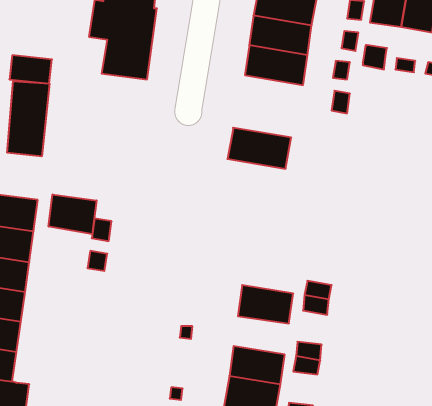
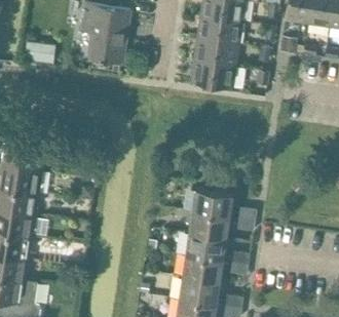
building: [7,81,50,156] -> none
building: [227,128,291,169] -> [190,60,236,89]
building: [49,194,97,234] -> none
building: none -> [192,190,233,217]
building: none -> [186,234,226,262]

